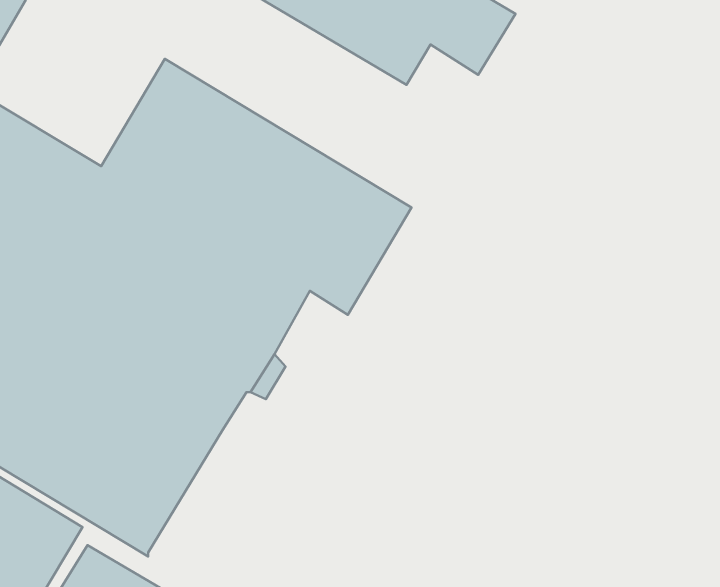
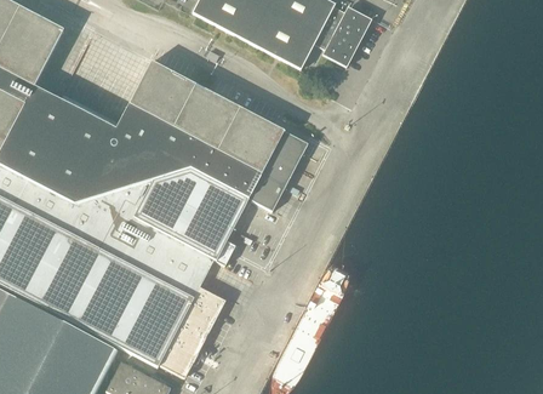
building: none -> [158,285,224,376]

